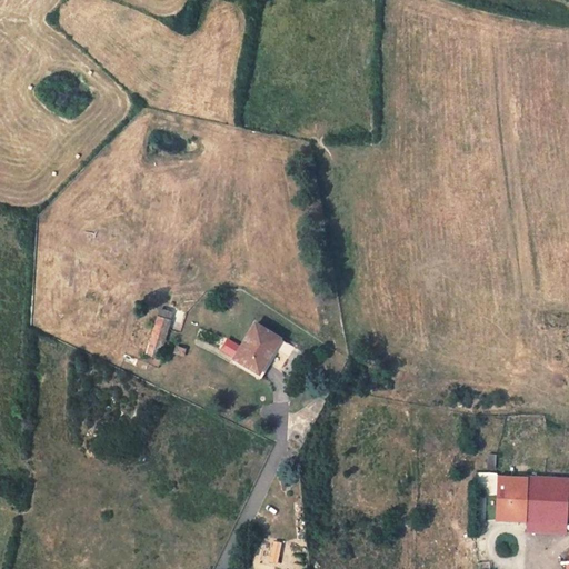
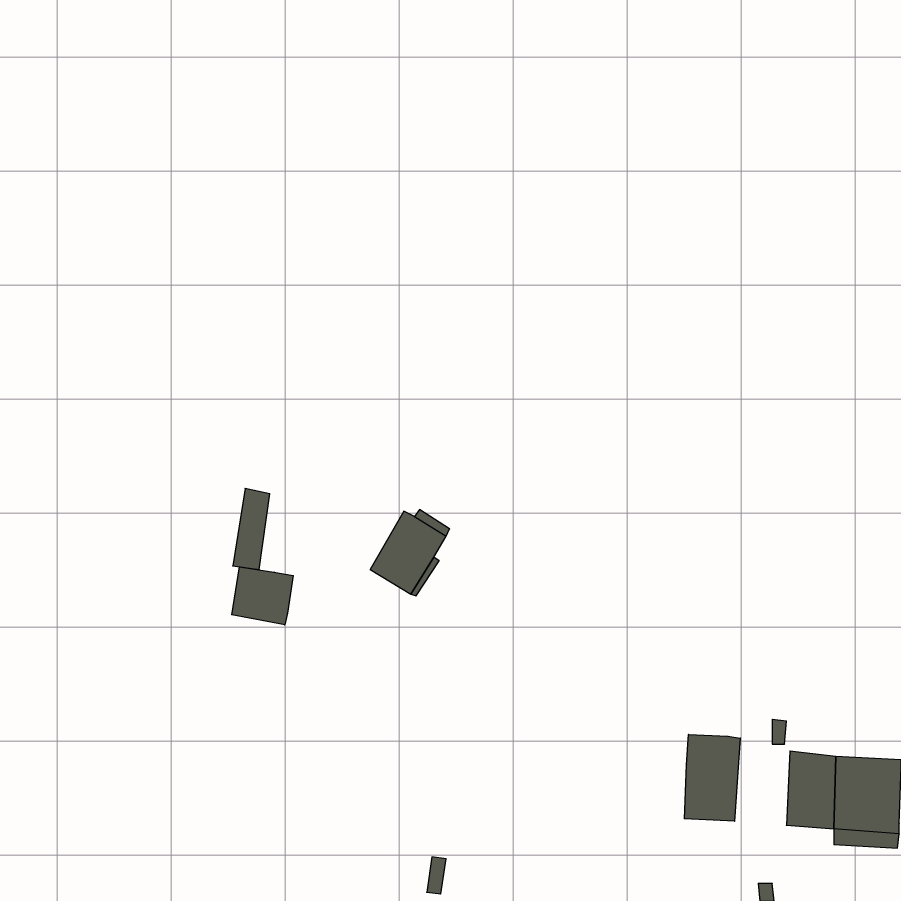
building: none -> [232,567,293,625]
building: none -> [684,734,740,821]

